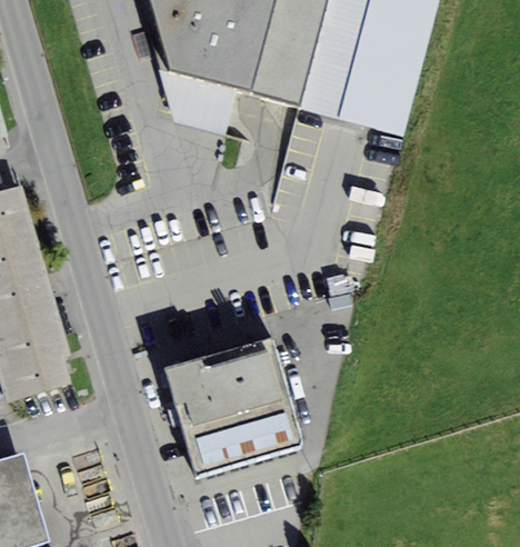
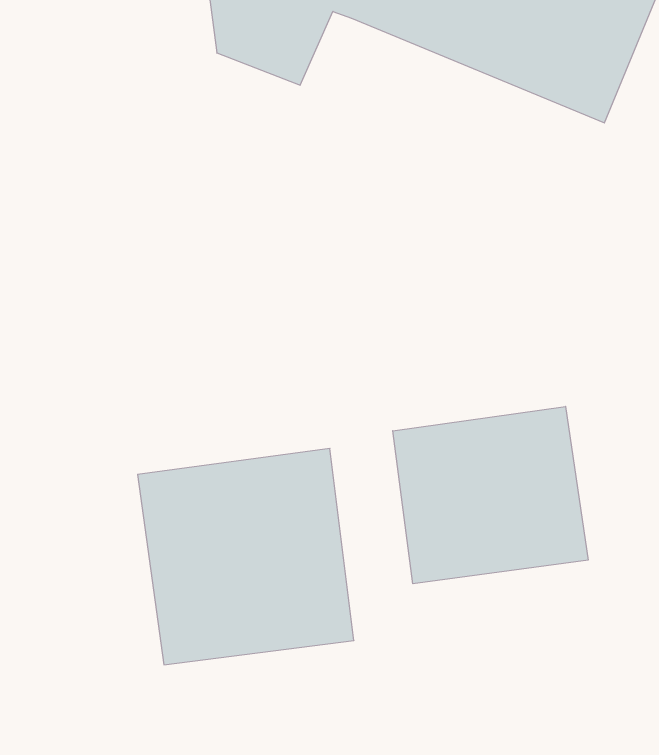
building: none -> [393,406,588,584]

